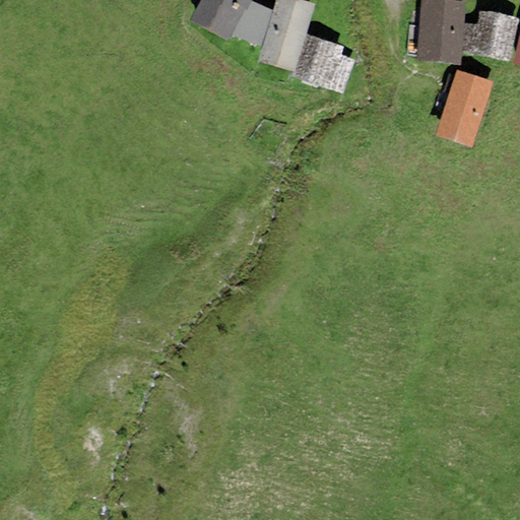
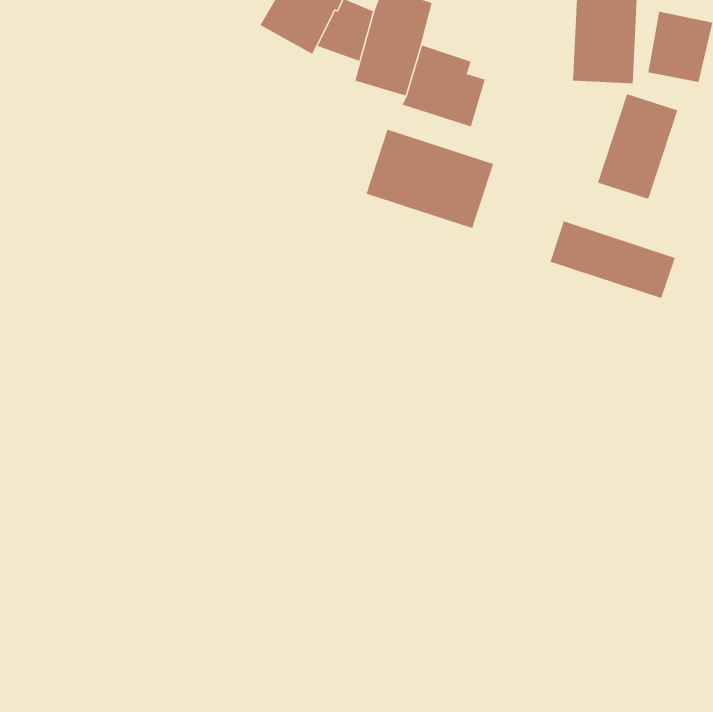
building: none -> [366,129,494,229]
building: none -> [550,221,675,299]

